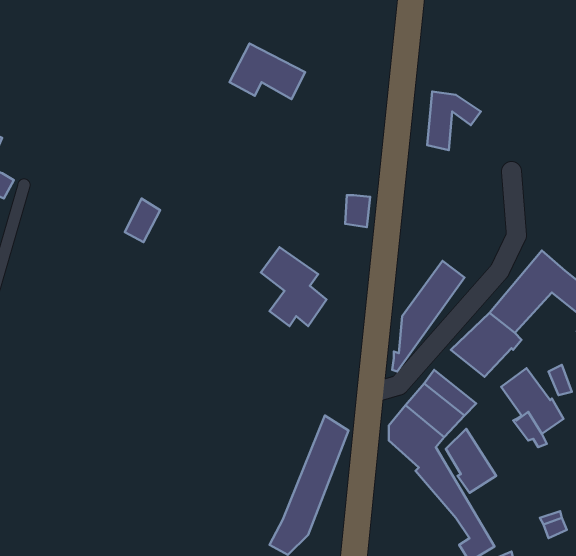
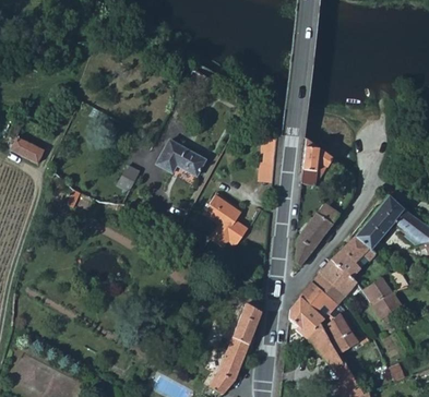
building: [229,44,305,99] -> [159,140,208,176]
building: [427,91,481,150] -> [300,147,335,185]
building: none -> [318,261,356,296]

